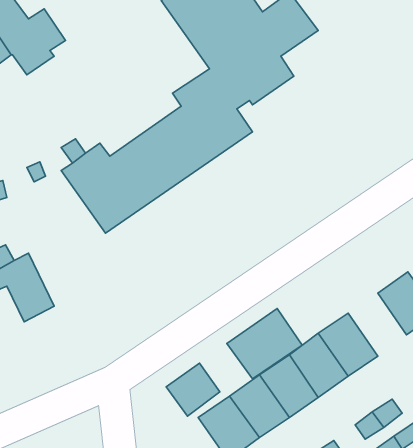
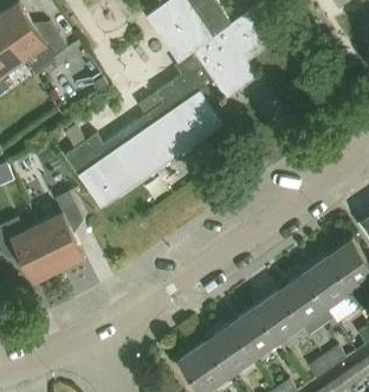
building: none -> [37,193,84,269]
building: none -> [302,258,350,310]
building: [227,308,302,379] -> none
building: [166,363,220,416] -> none

